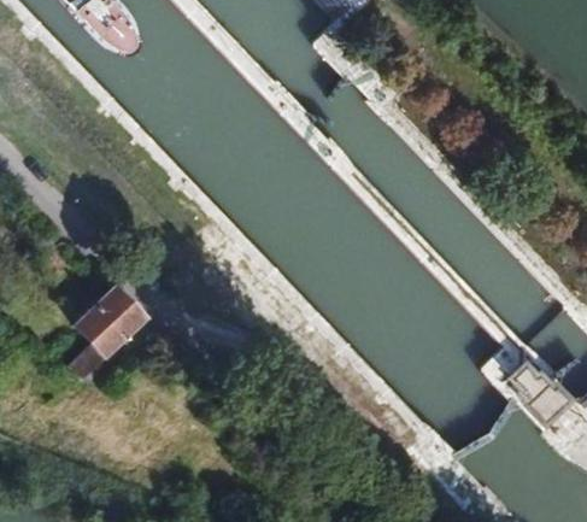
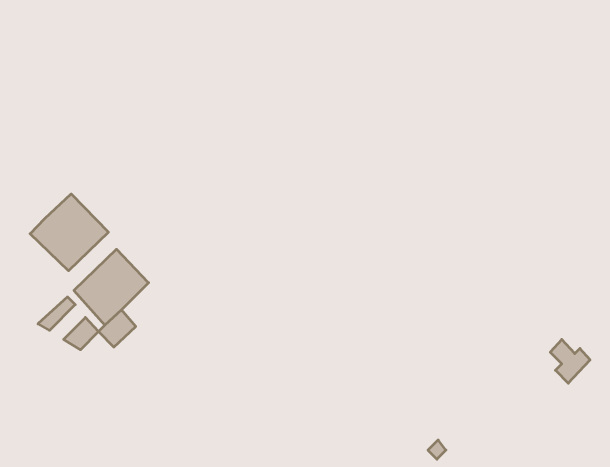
building: none -> [30,194,108,271]

